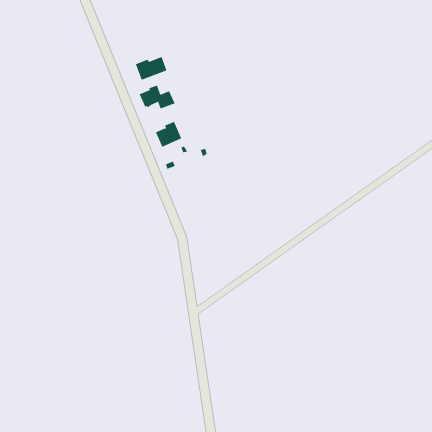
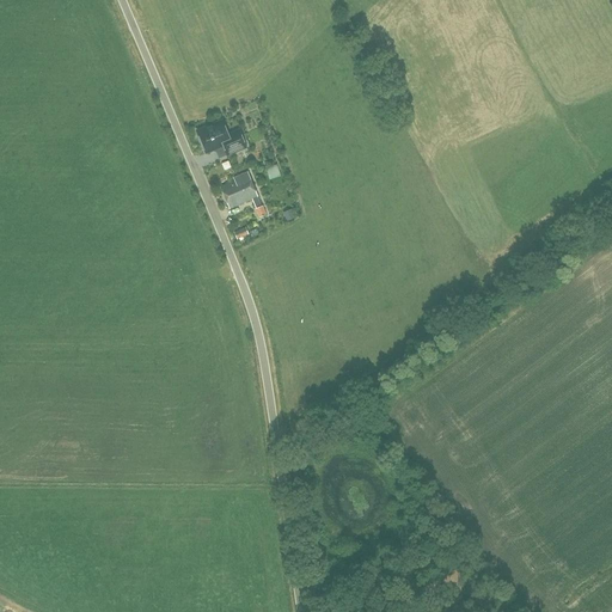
building: [135,56,167,81] -> none

